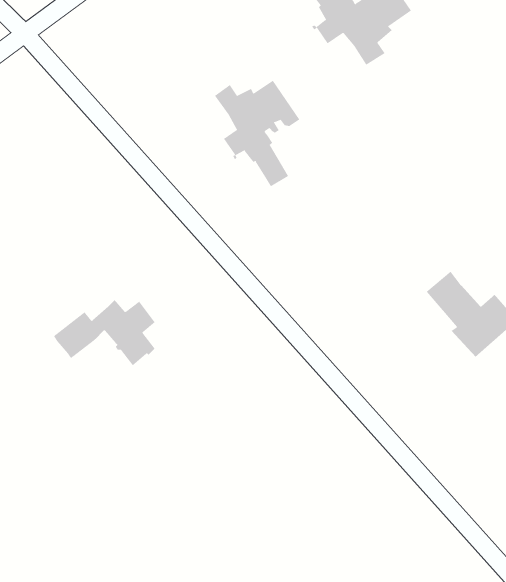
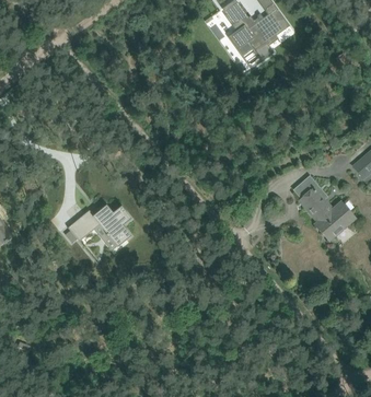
building: [214,80,300,187] -> none

